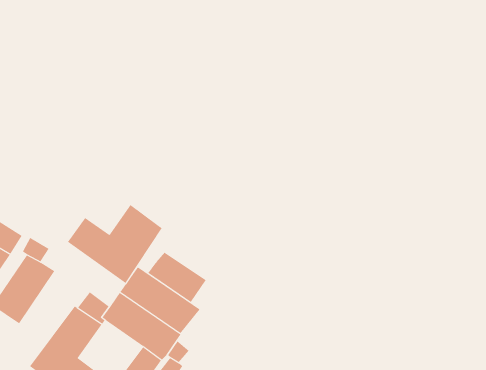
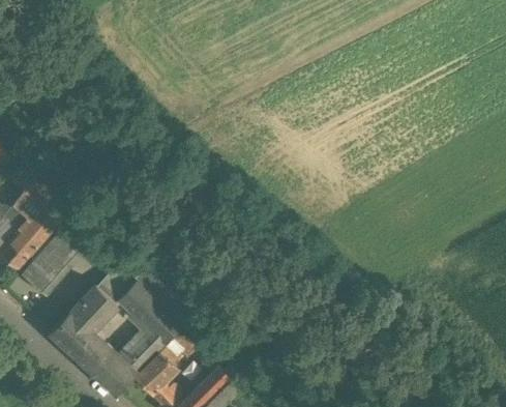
building: [67,204,162,284] -> none
building: [148,252,207,303] -> none

